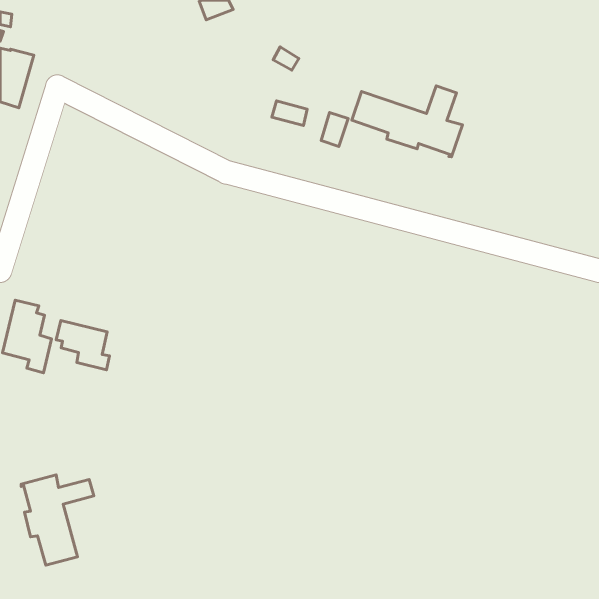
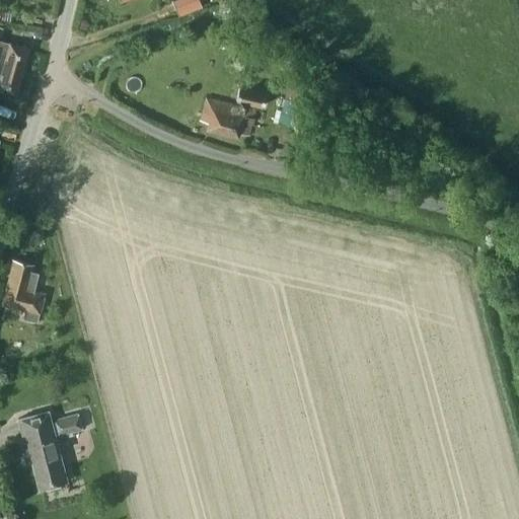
building: [352,86,463,157] -> none
building: none -> [201,98,254,137]
building: [56,320,109,370] -> none

